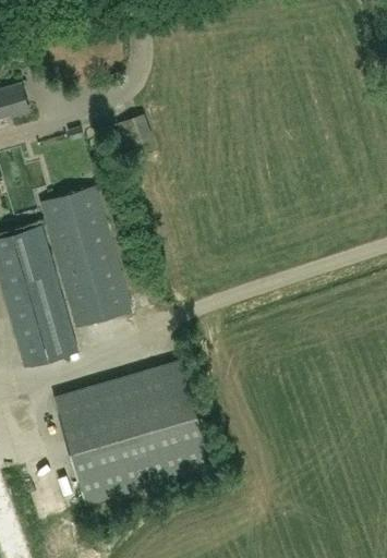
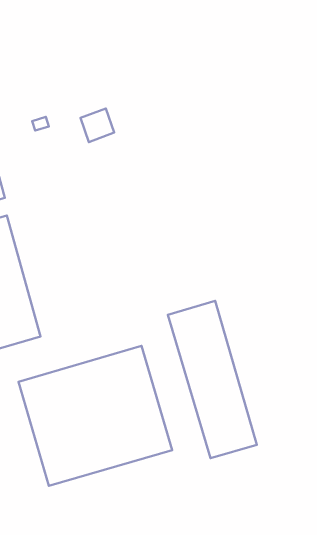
building: [41,186,131,326] -> none
building: none -> [168,301,257,458]

